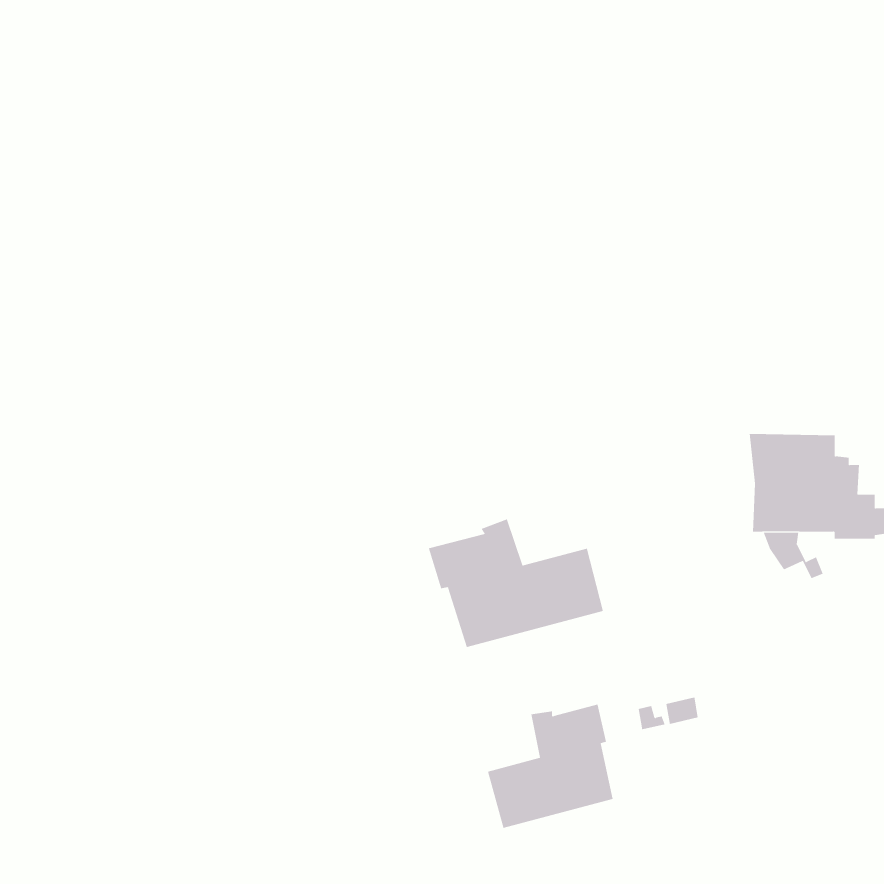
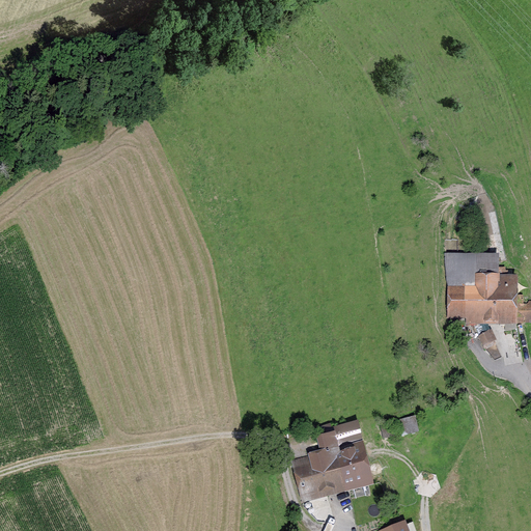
building: [428,519,603,648] -> none

